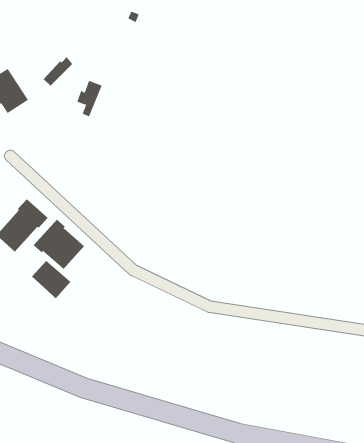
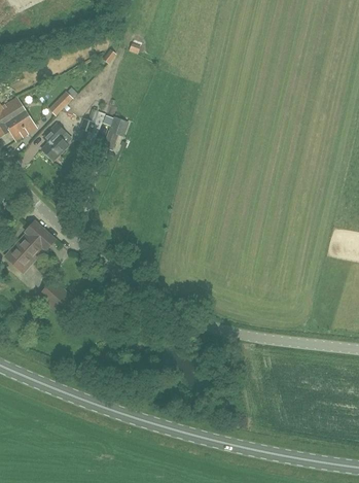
building: none -> [103,116,128,149]
building: none -> [41,123,68,160]
building: [33,219,85,270] -> none

